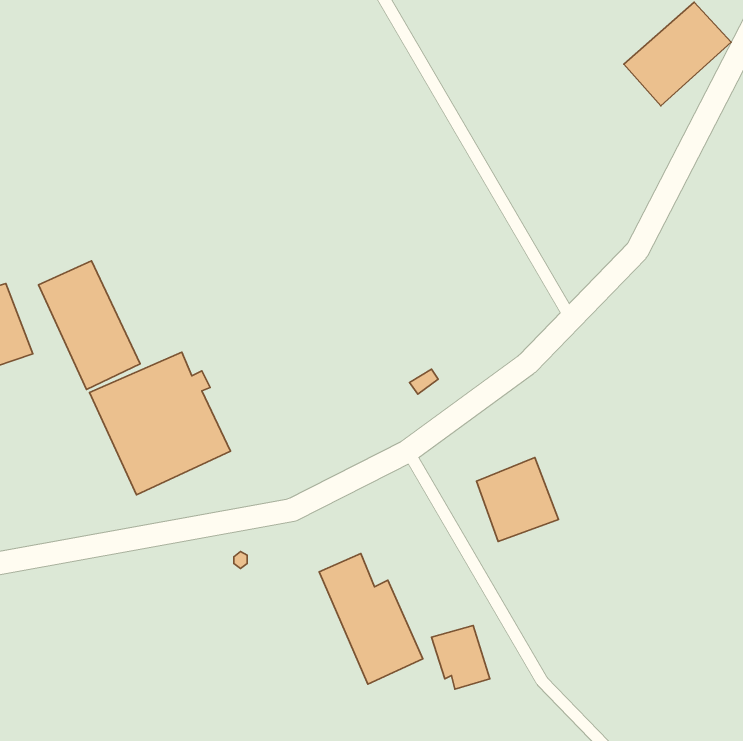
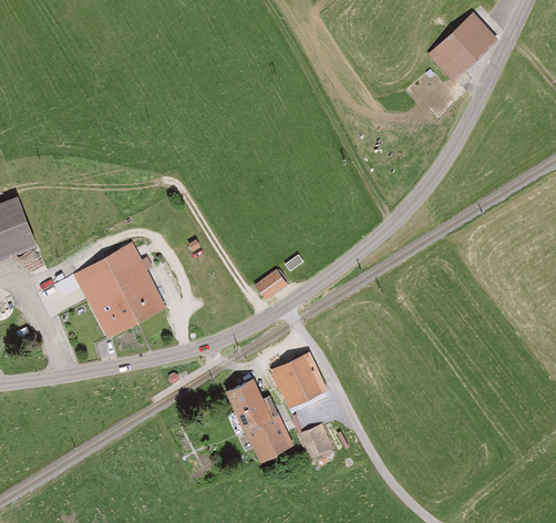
building: [38,261,140,389] -> none
building: none -> [254,269,289,301]
building: [476,458,558,541] -> [271,351,326,407]

